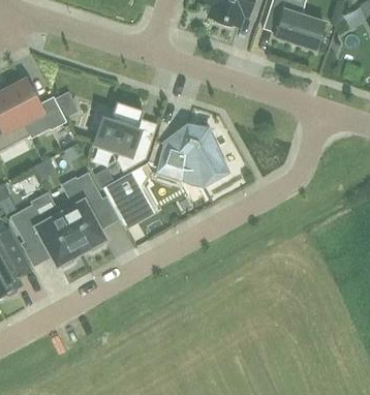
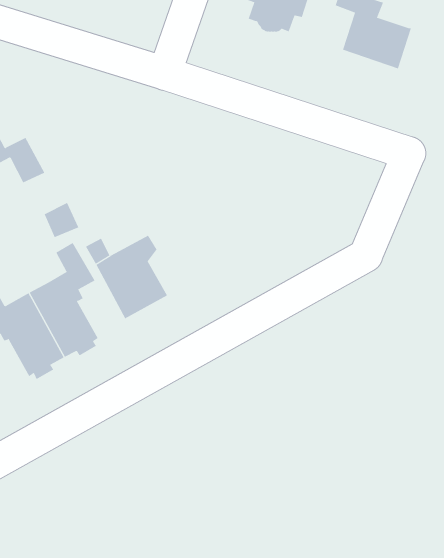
building: [94,101,151,171] -> none
building: [158,124,227,186] -> none

